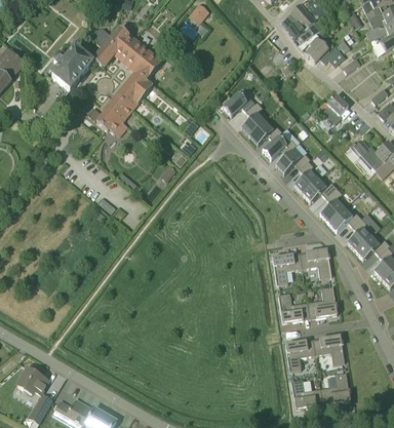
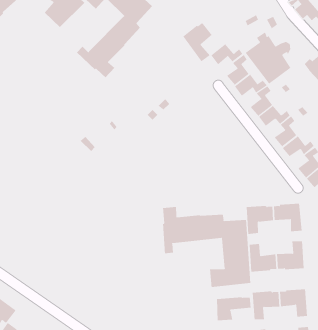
building: none -> [182,22,213,62]
building: none -> [245,32,291,84]
building: none -> [162,206,251,288]
building: none -> [216,296,251,321]

